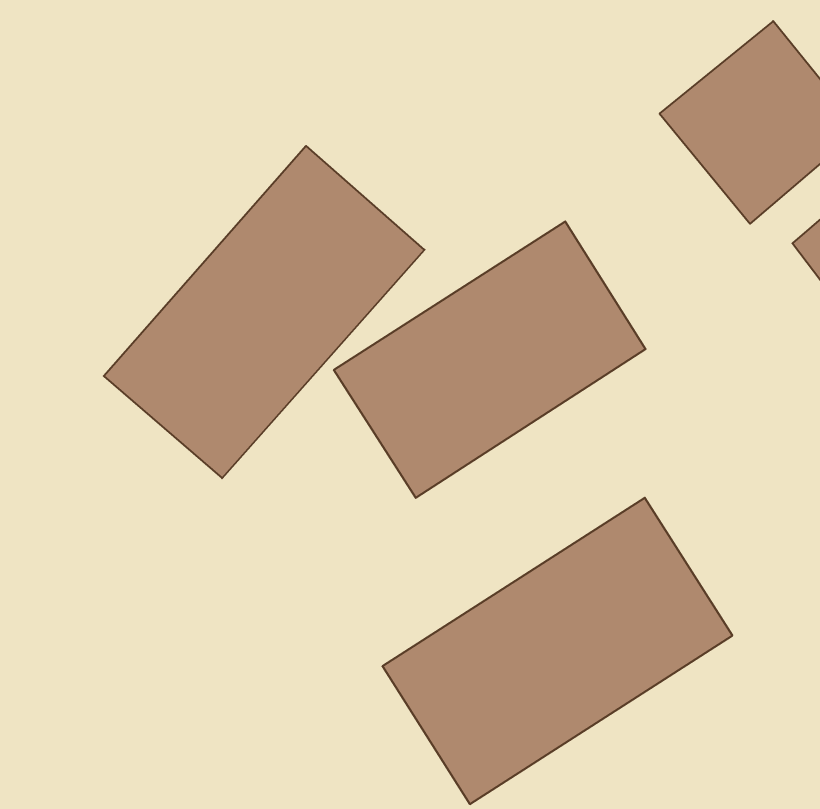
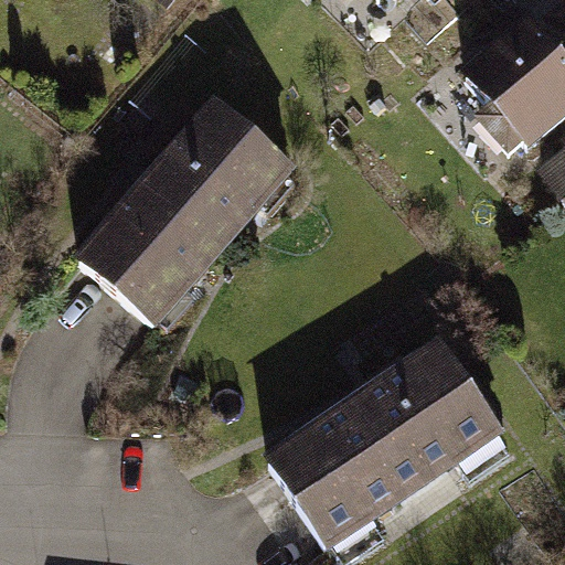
building: [334,221,646,498] -> none

